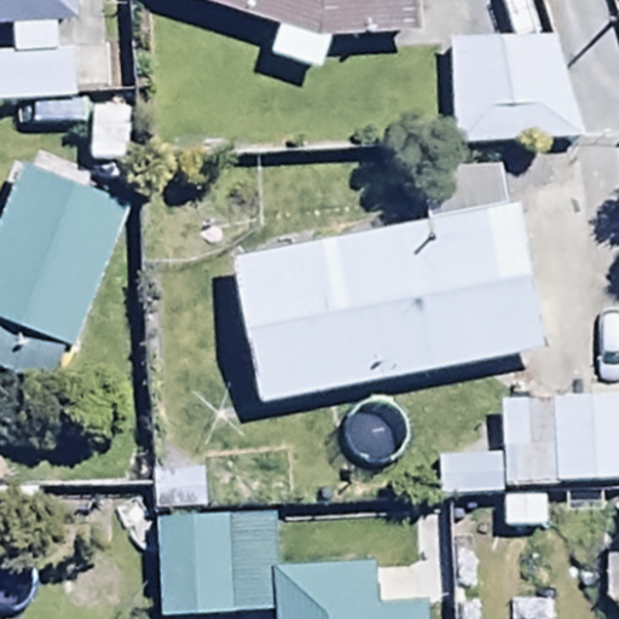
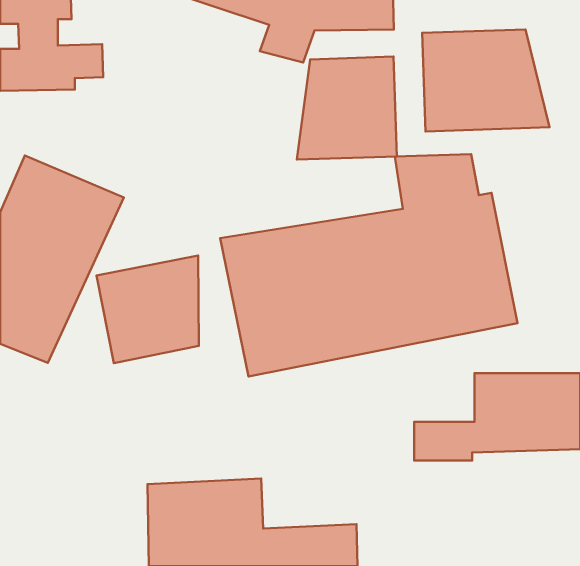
building: none -> [297,57,397,160]
building: none -> [96,255,199,363]

